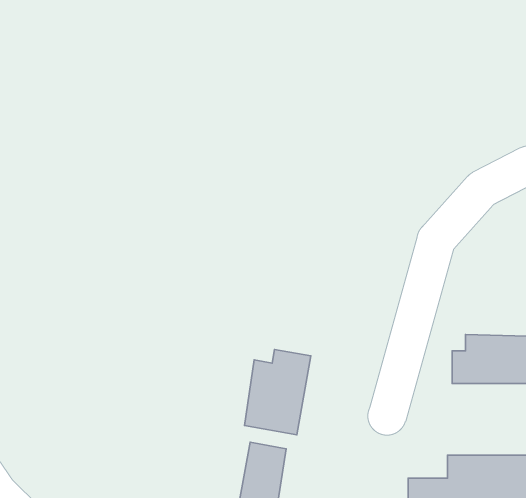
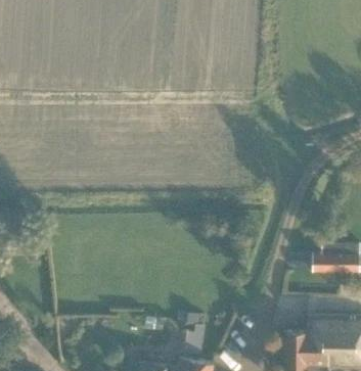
building: [245,349,311,435] -> none

